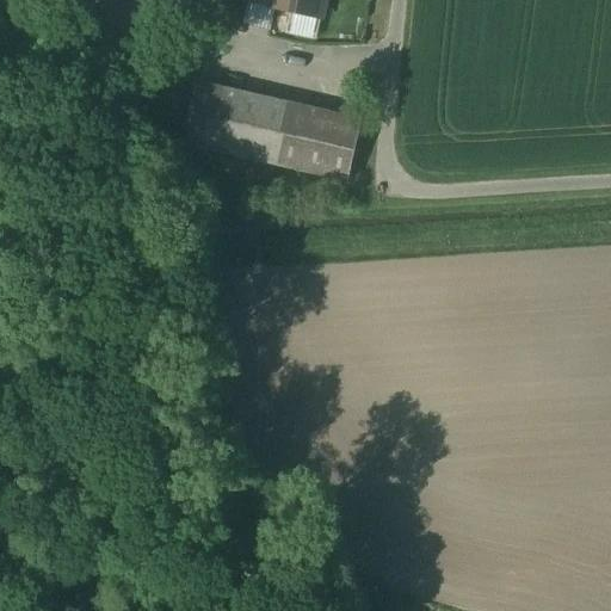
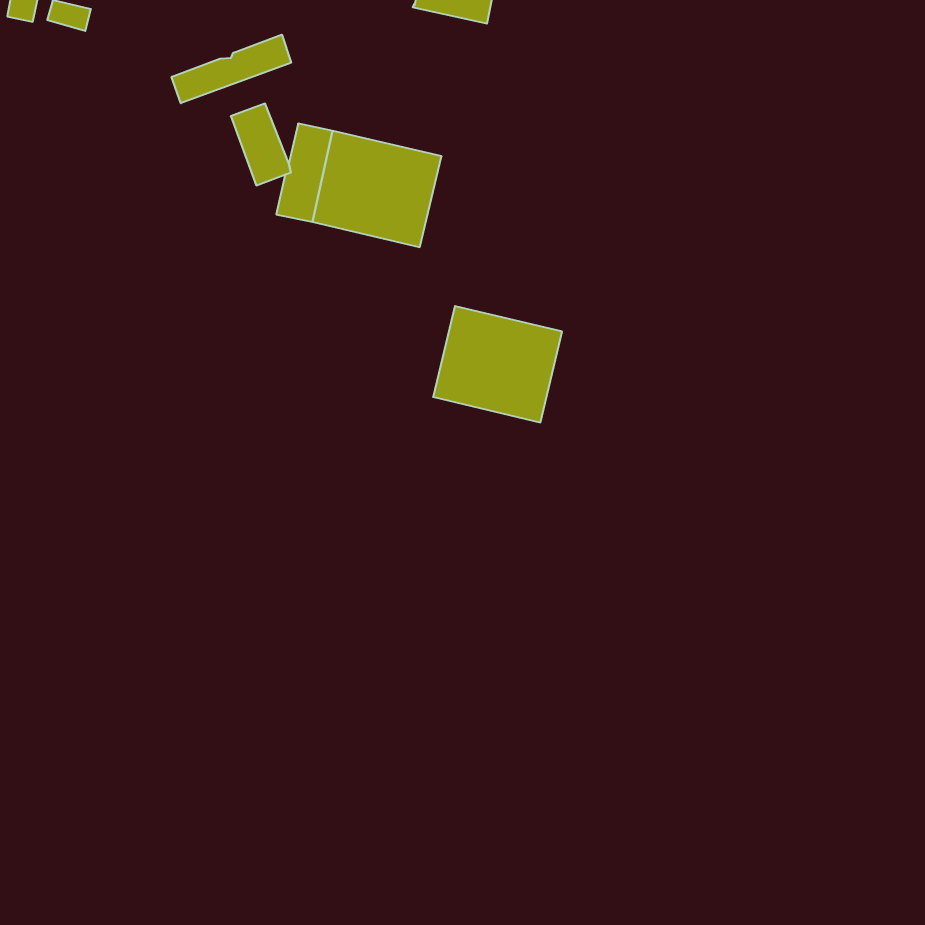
building: none -> [172,35,291,103]
building: [278,103,363,179] -> [433,306,562,422]

